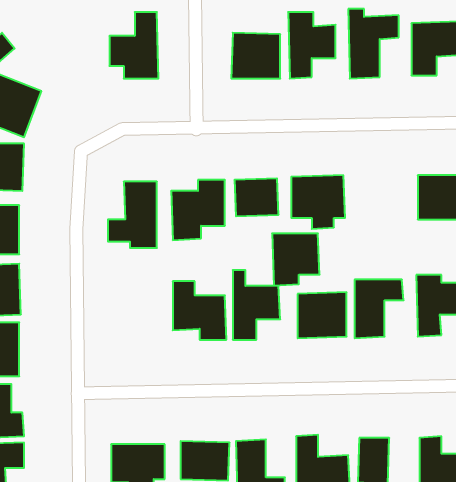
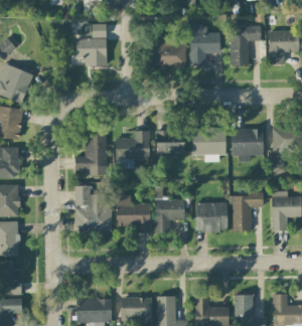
building: [272,233,320,286] -> [234,129,264,162]
building: none -> [74,185,112,232]

